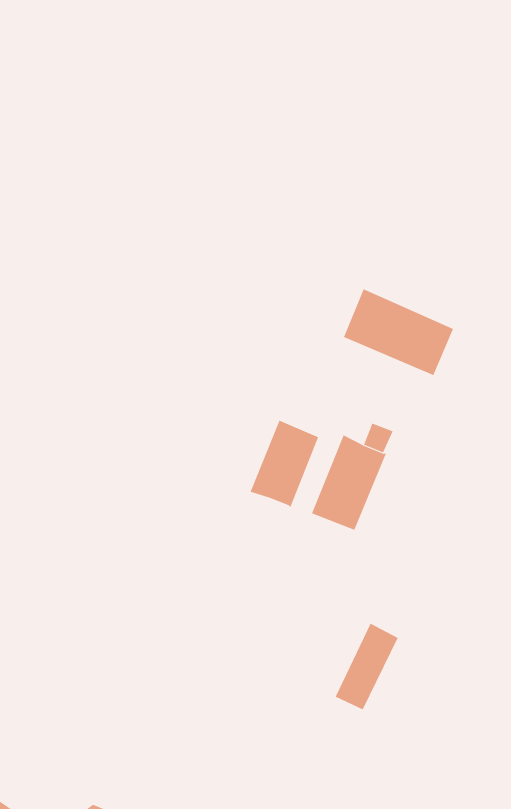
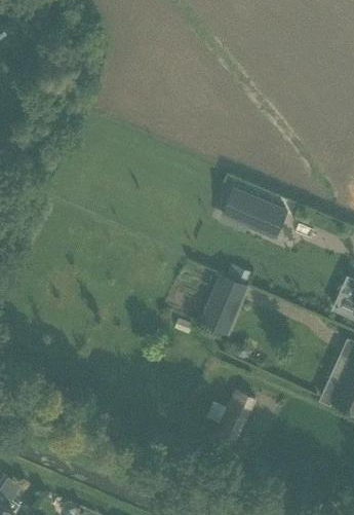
building: [250,420,319,508] -> none

